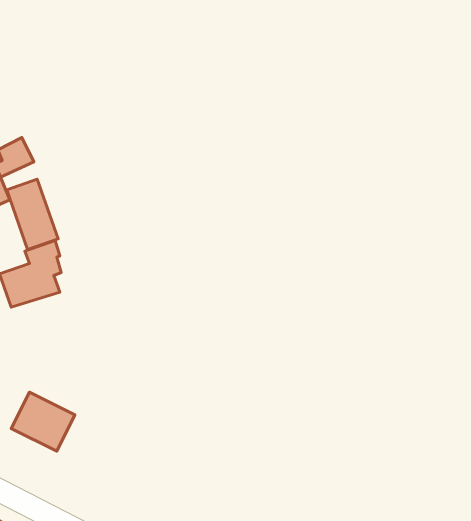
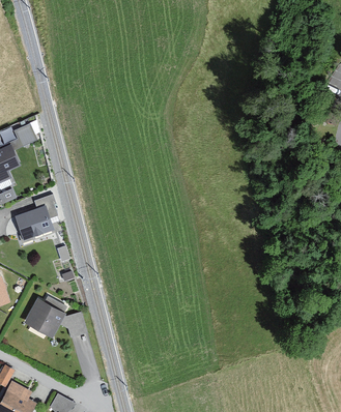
building: [7,179,58,250] -> none

